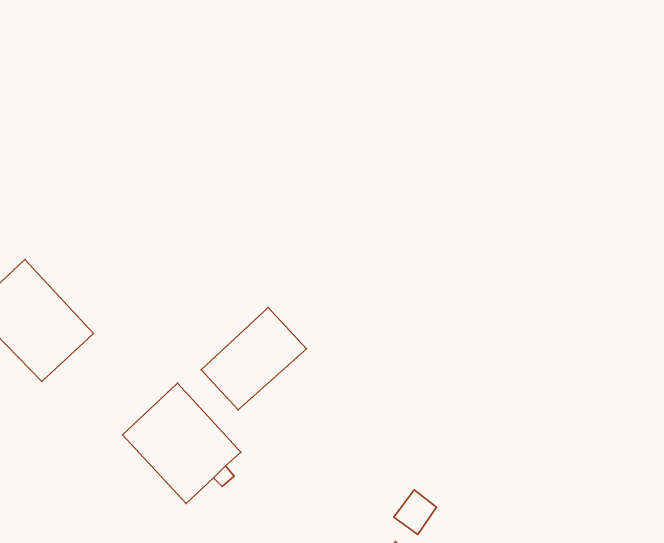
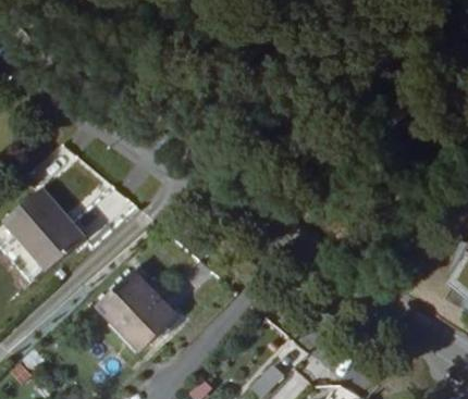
building: [201,307,307,410] -> none

